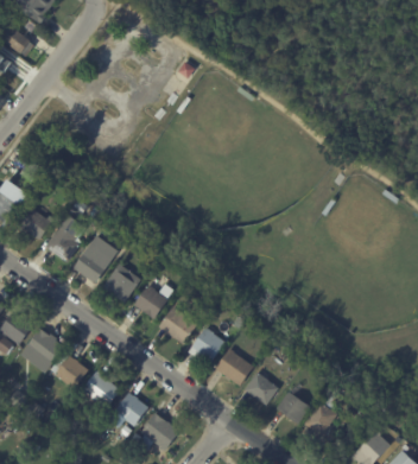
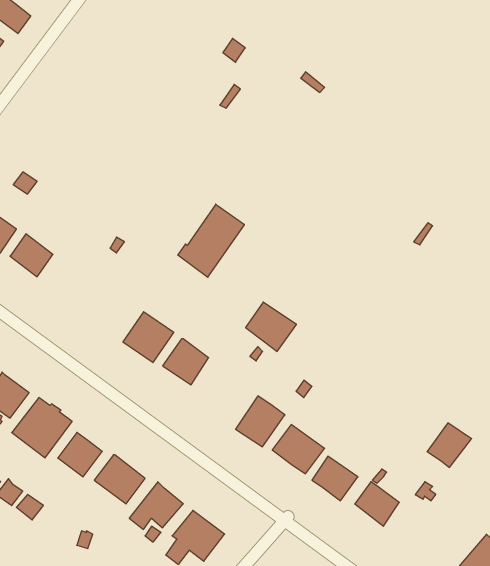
building: [44,215,80,261] -> none
building: [66,235,116,290] -> [178,204,244,277]
building: [158,307,196,344] -> [246,302,296,351]
building: [303,402,336,436] -> [427,423,472,467]

